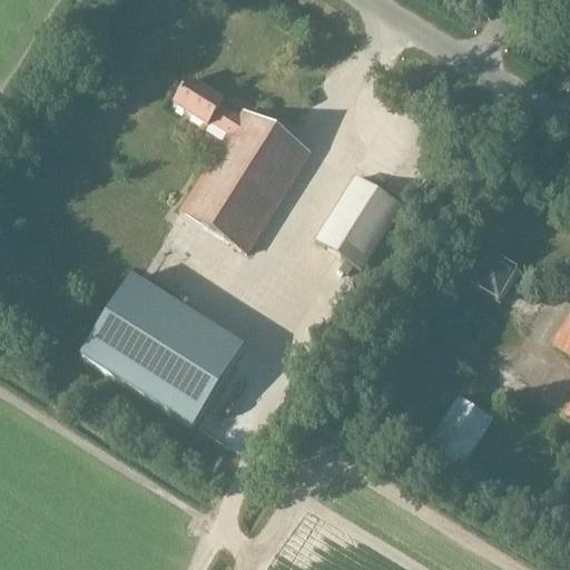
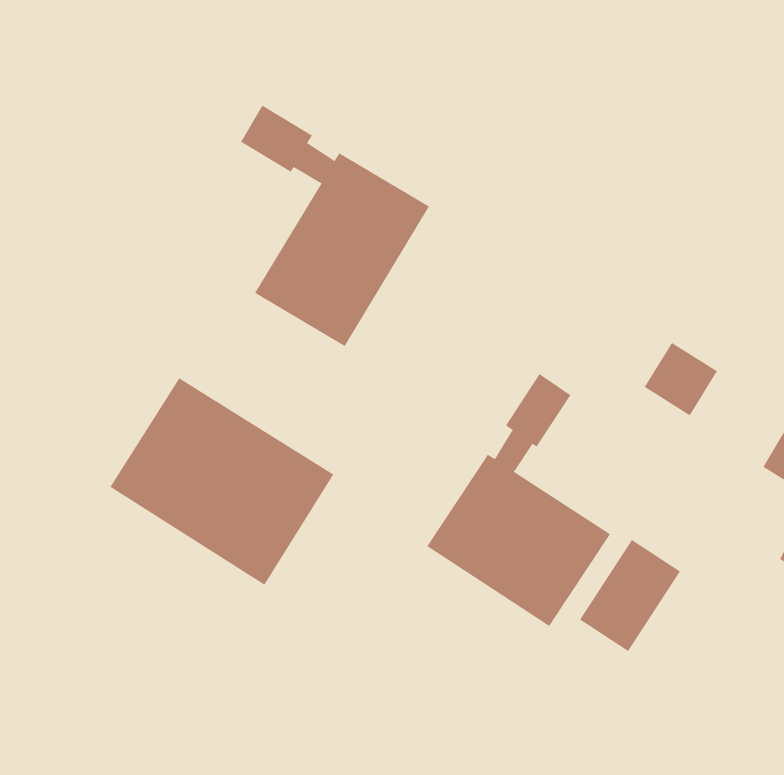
building: [315,169,405,265] -> none
building: none -> [426,373,611,627]

